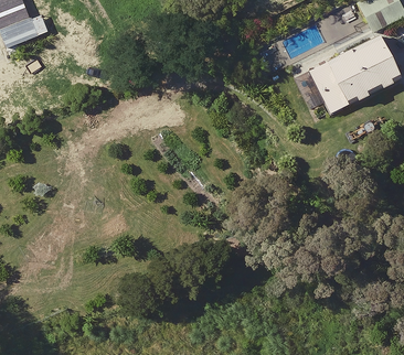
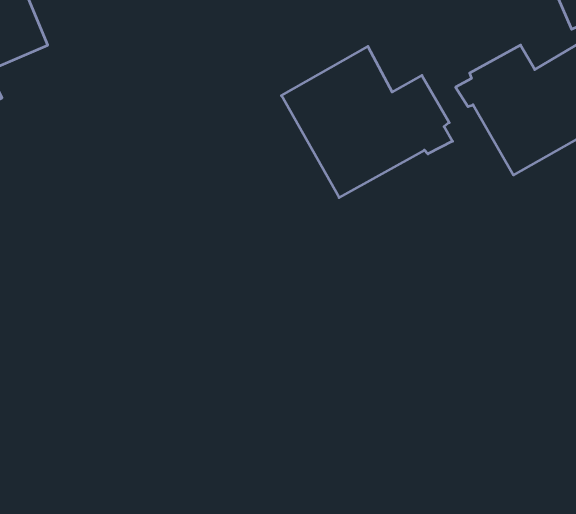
building: none -> [281,46,453,198]

